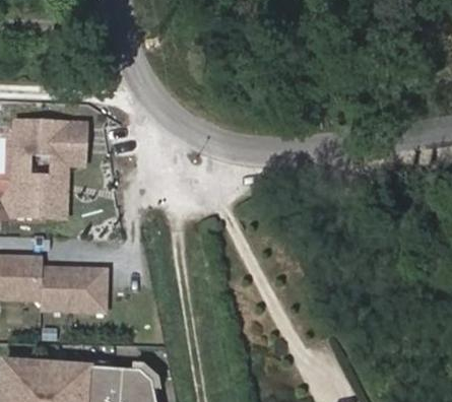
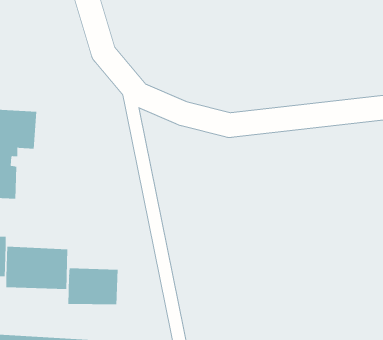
building: none -> [68,268,118,305]

